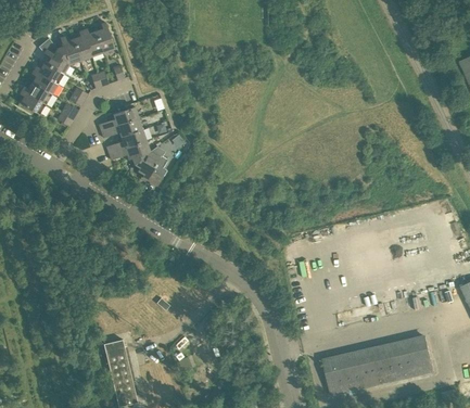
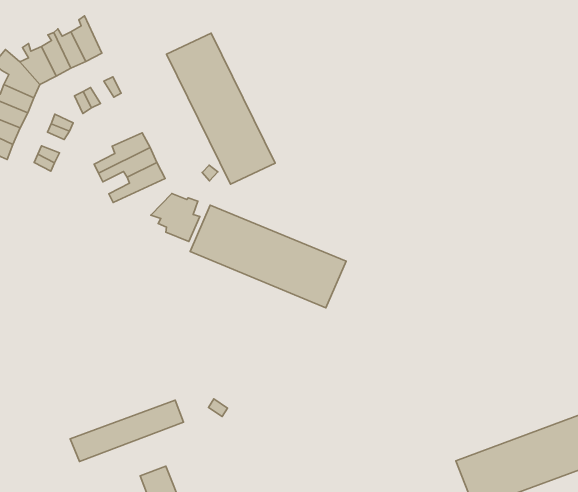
building: none -> [166,33,275,184]
building: [109,141,150,165] -> none
building: none -> [190,205,346,308]
building: none -> [70,400,184,462]

